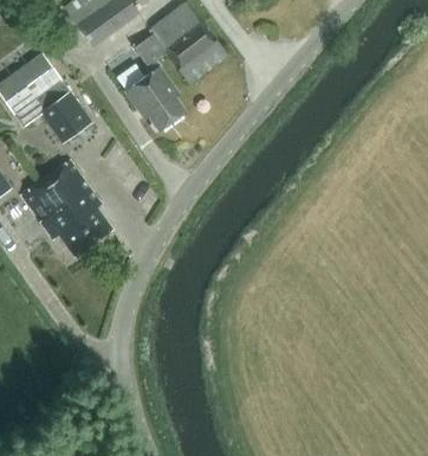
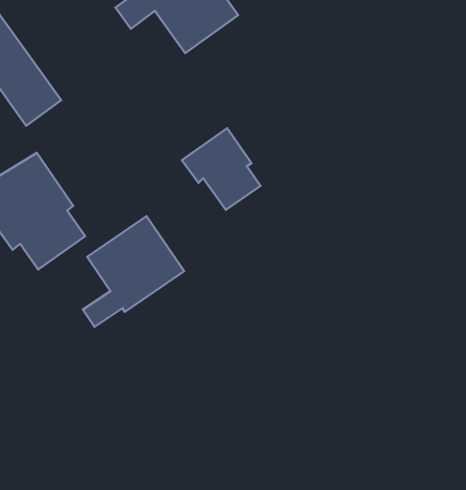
building: [124,68,186,131] -> [182,128,261,210]
building: none -> [83,216,184,327]

